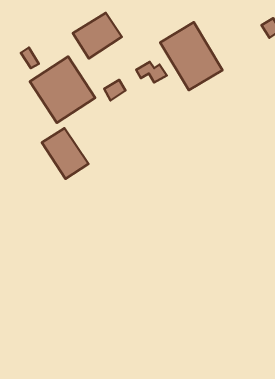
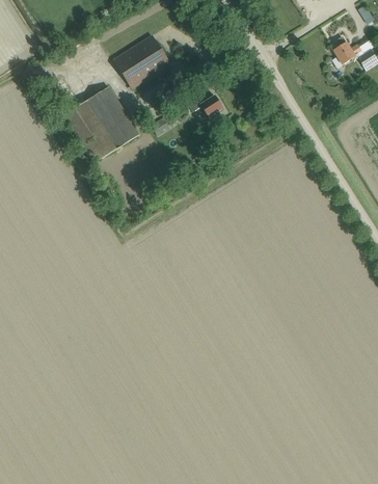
building: [160,22,222,90] -> none
building: [42,128,88,179] -> none

